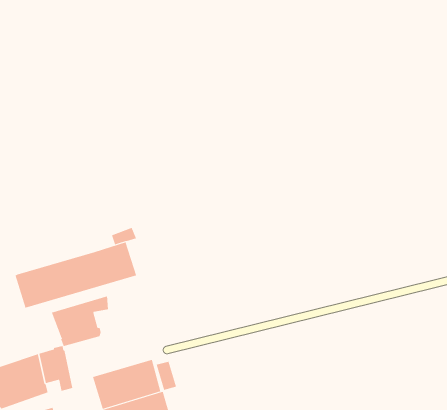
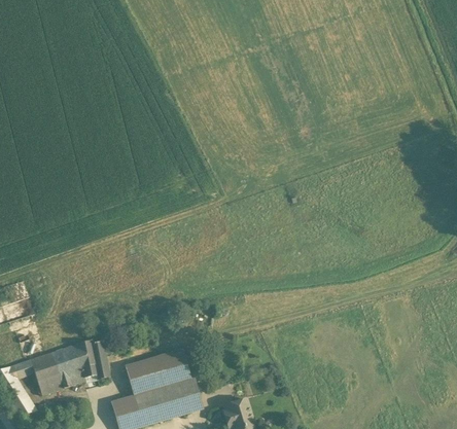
building: [15,242,137,308] -> none
building: [51,295,109,347] -> none

